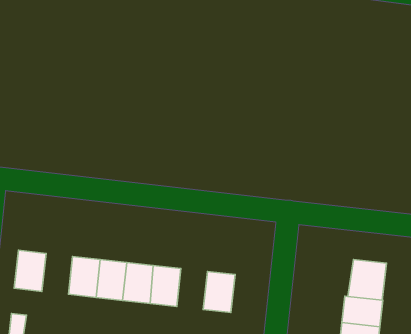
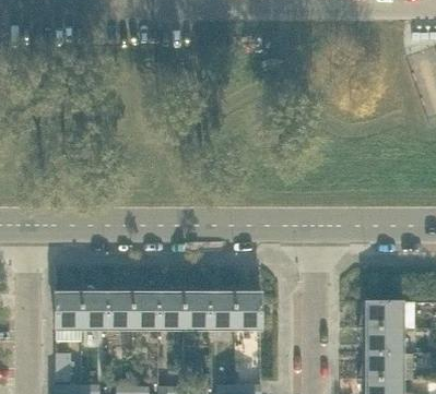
building: none -> [82,291,107,327]
building: [348,259,386,300] -> none
building: none -> [210,291,235,327]

